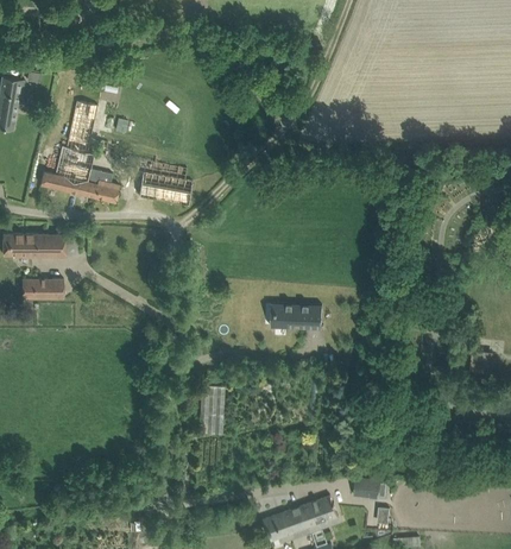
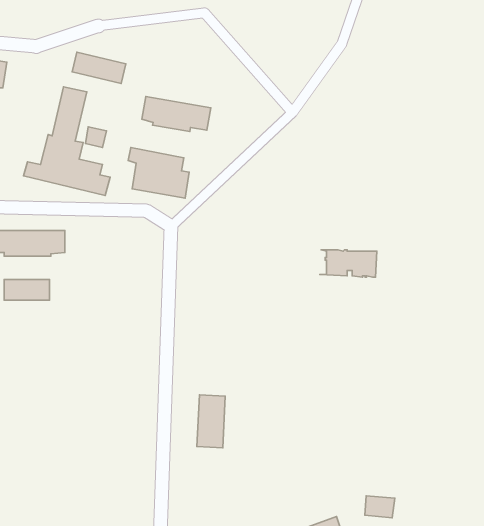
building: none -> [72,52,126,83]
building: none -> [142,97,211,131]
building: [269,302,321,327] -> [320,250,377,277]

